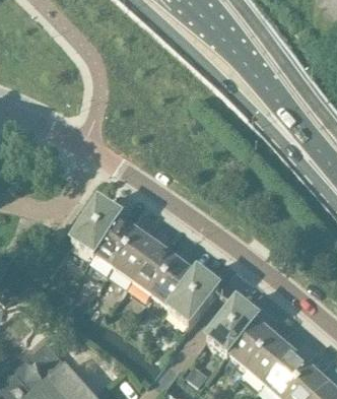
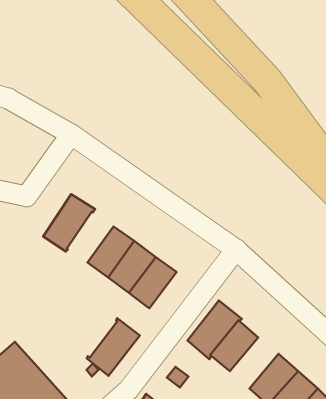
building: [94,216,138,264] -> none
building: [169,270,218,324] -> [87,318,140,376]
building: [247,334,292,382] -> none

